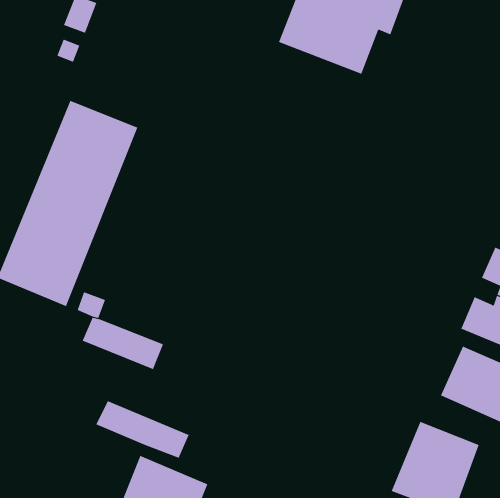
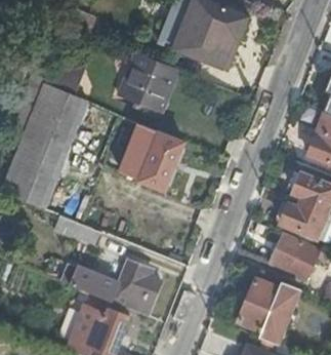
building: none -> [117,51,177,111]
building: none -> [124,131,183,188]
building: none -> [111,260,161,314]

